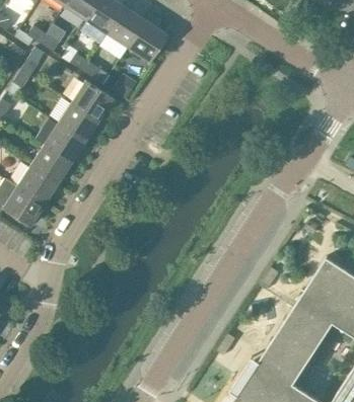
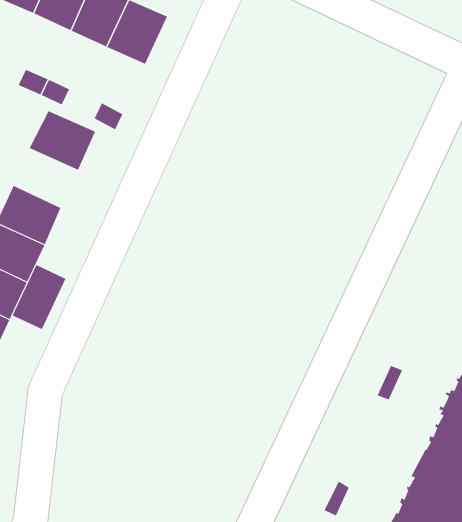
building: [57,102,98,142] -> none
building: none -> [12,264,66,330]

